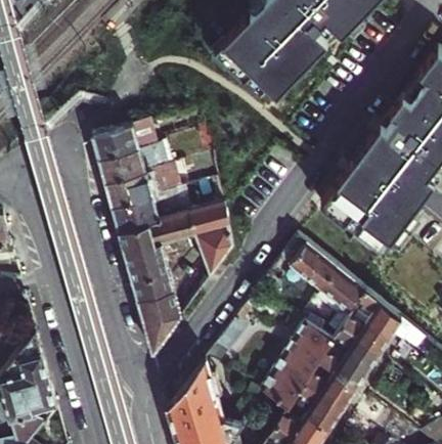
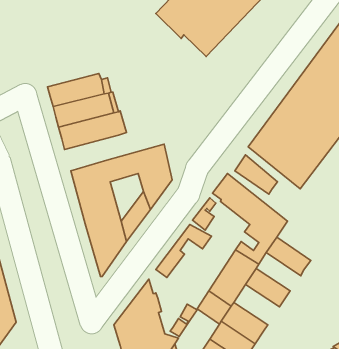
building: [112,191,178,232] -> none
building: [354,290,403,335] -> [235,155,278,194]
building: [330,325,382,369] -> none
building: [305,362,357,408] -> none

